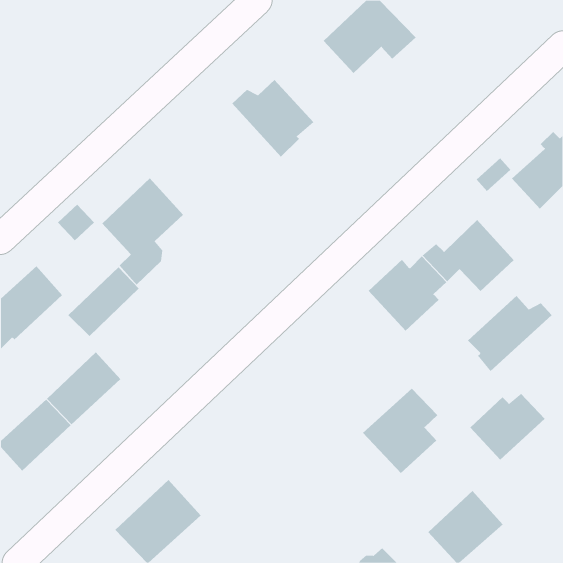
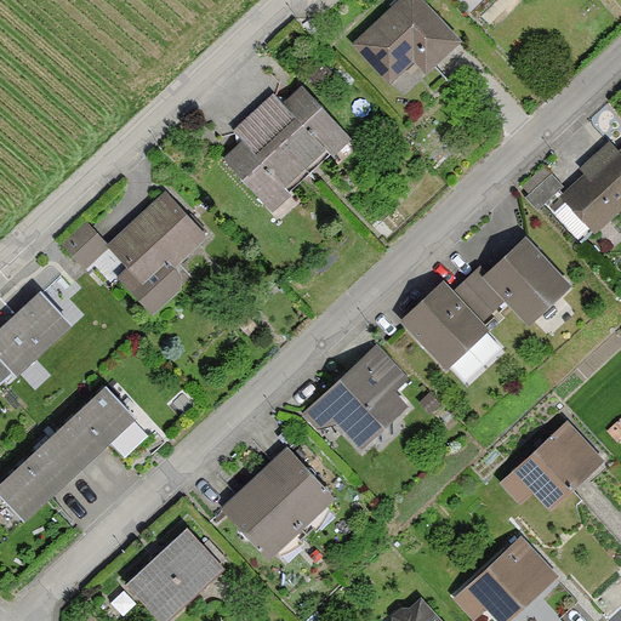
building: none -> [224,114,309,206]
building: [68,266,139,337] -> none
building: [467,295,552,372] -> none
building: [362,388,438,474] -> [320,349,404,444]
building: none -> [226,451,331,556]

